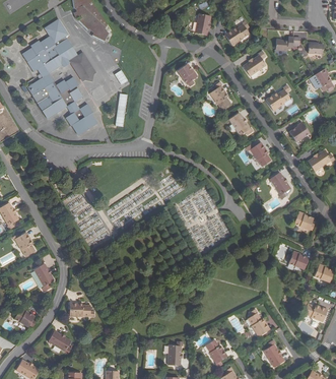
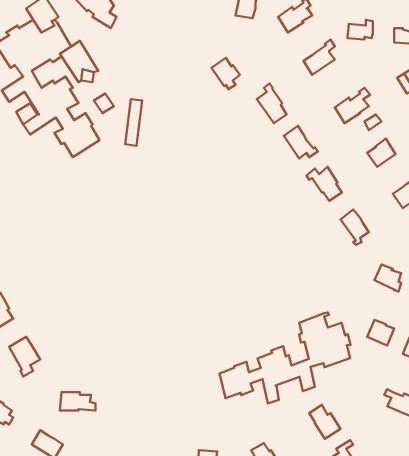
building: none -> [220,312,350,403]

